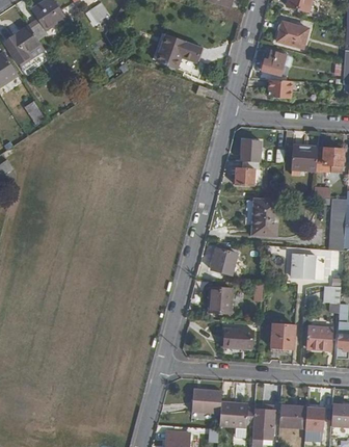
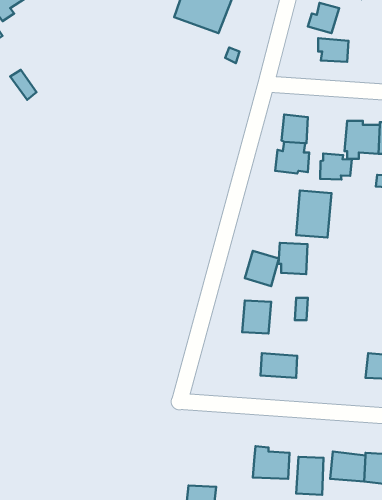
building: none -> [320,153,352,180]
building: [292,252,315,277] -> [279,243,307,274]
building: [271,321,295,347] -> none
building: [189,388,220,412] -> none

